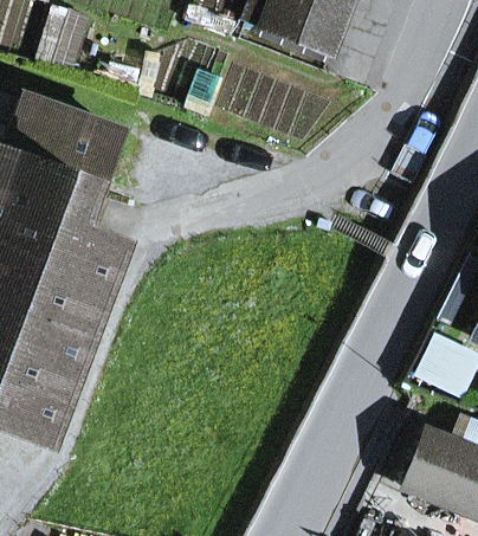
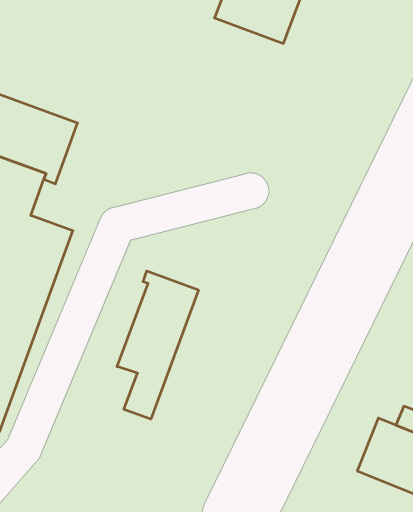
building: none -> [117,271,198,419]

